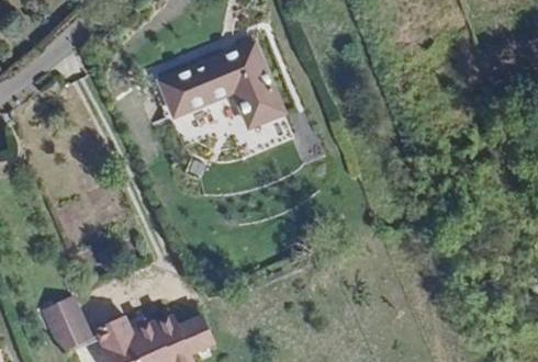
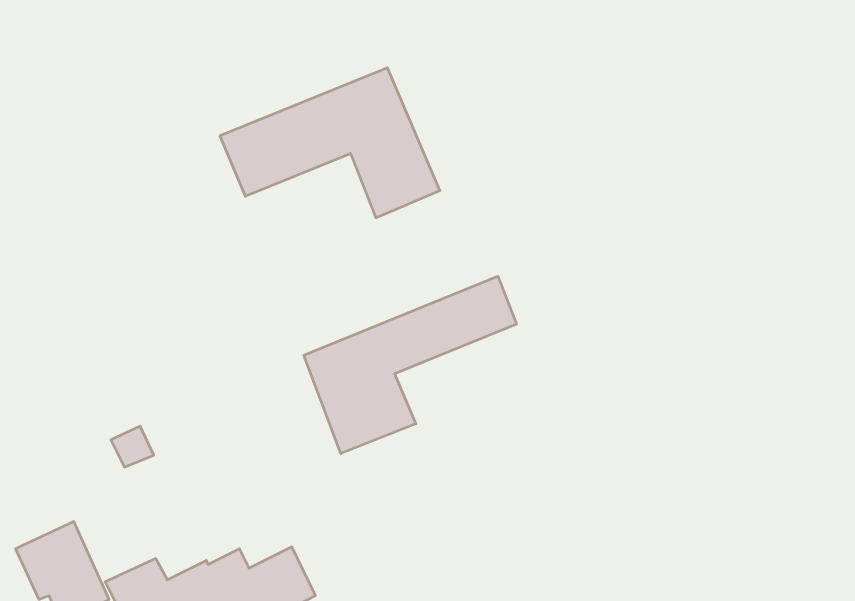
building: none -> [304,276,516,454]

